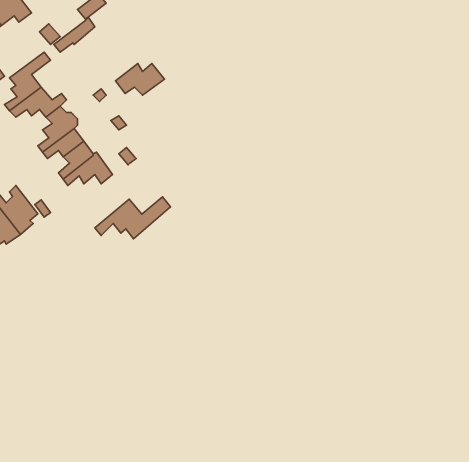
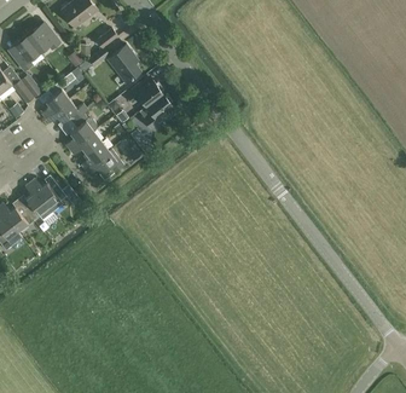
building: none -> [106,46,140,83]
building: none -> [138,94,170,132]
building: [95,197,170,239] -> none

